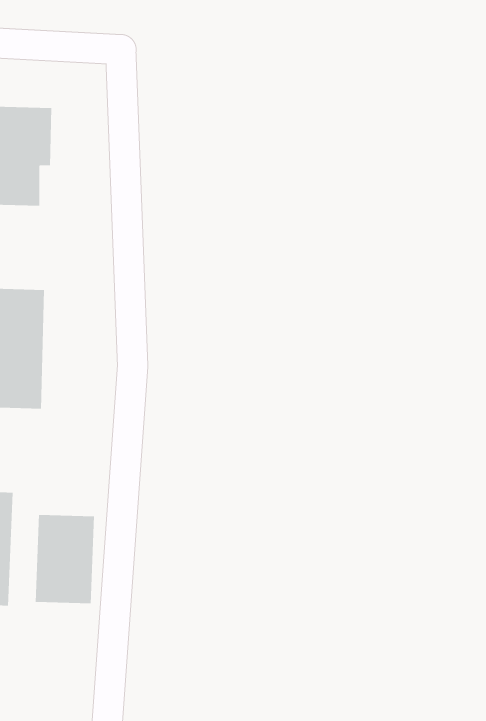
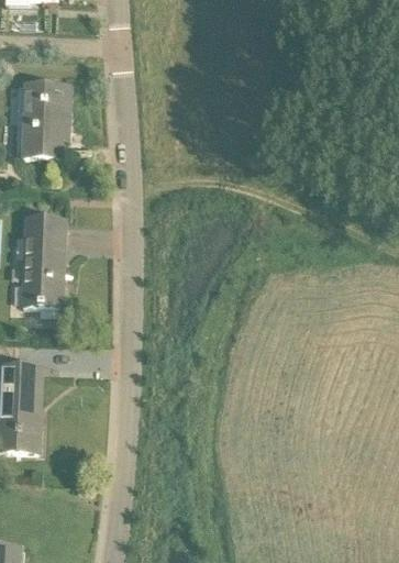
building: [35,514,95,604] -> none

